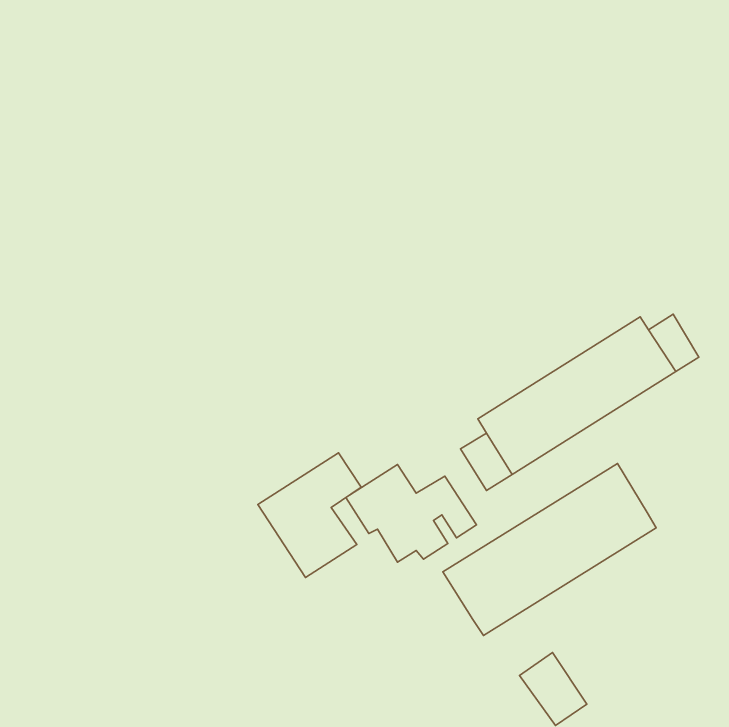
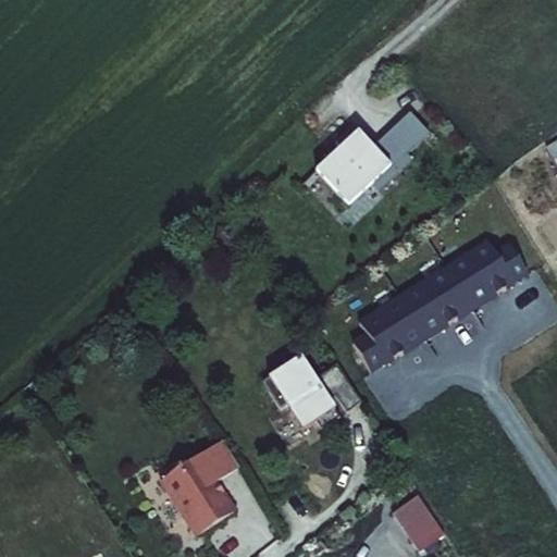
building: none -> [315,110,426,203]
building: [258,453,361,578] -> [162,441,240,535]
building: [443,463,656,636] -> none

